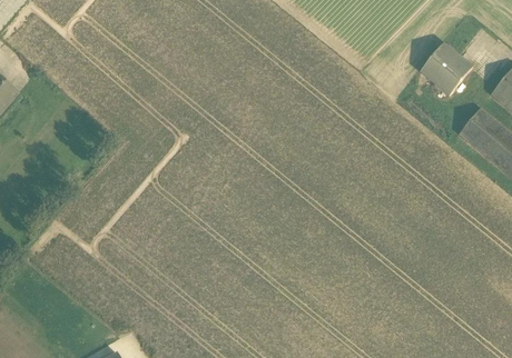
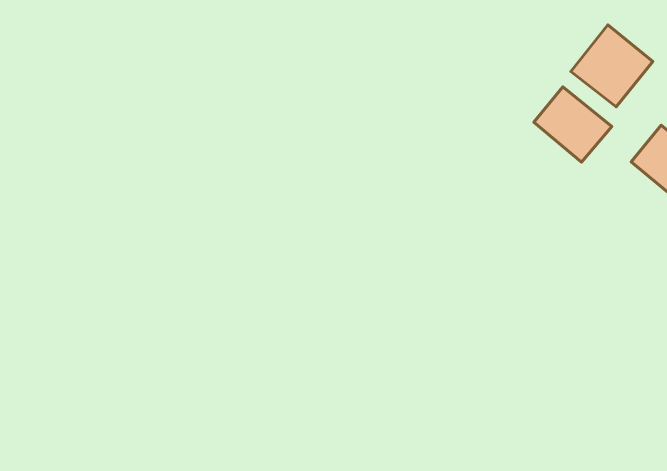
building: none -> [534,87,612,162]

